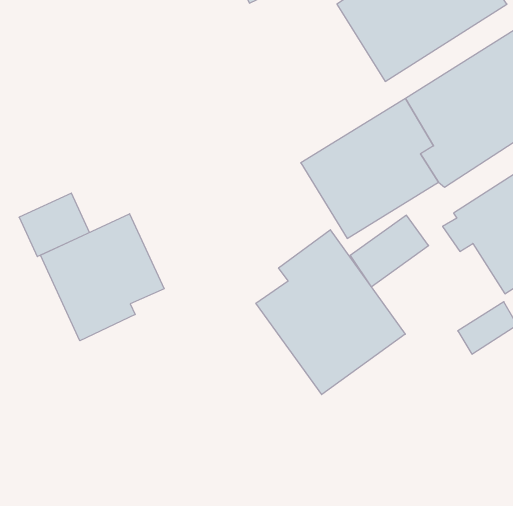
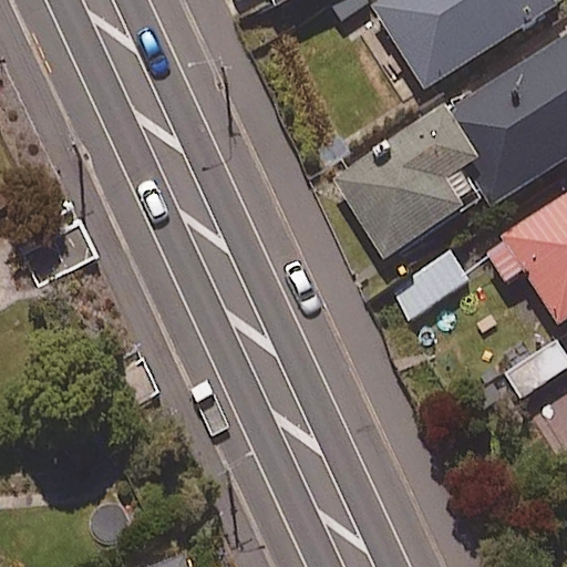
building: [40,214,164,341] -> none
building: [256,230,405,395] -> none

